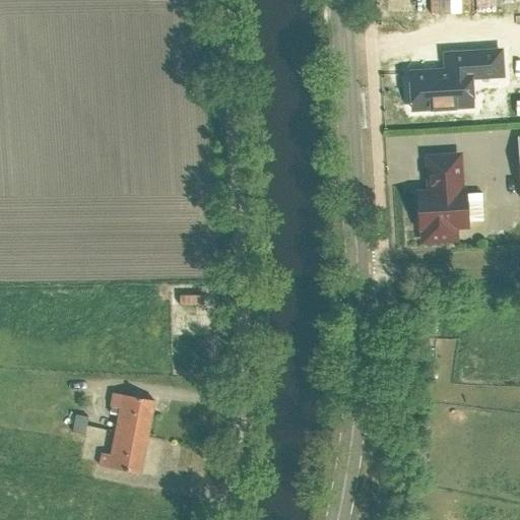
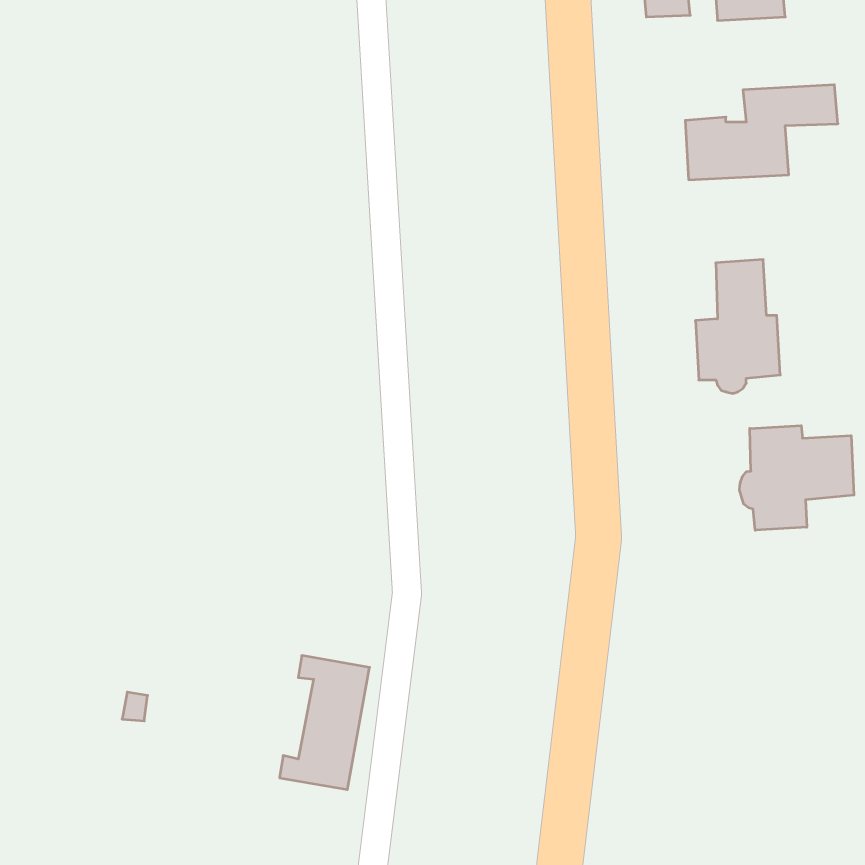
building: none -> [739,426,854,530]
building: [101,392,154,472] -> [280,656,370,790]

